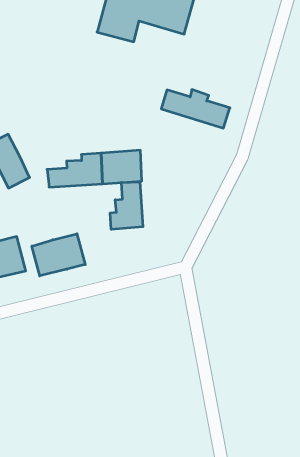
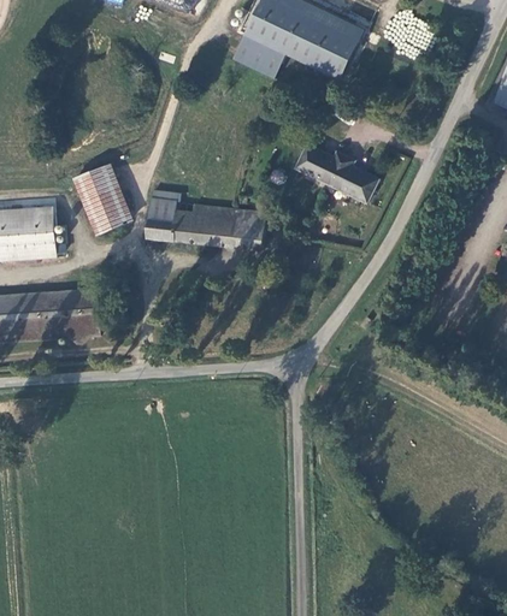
building: none -> [146,188,173,217]
building: [110,182,143,229] -> none
building: [32,234,85,276] -> none

